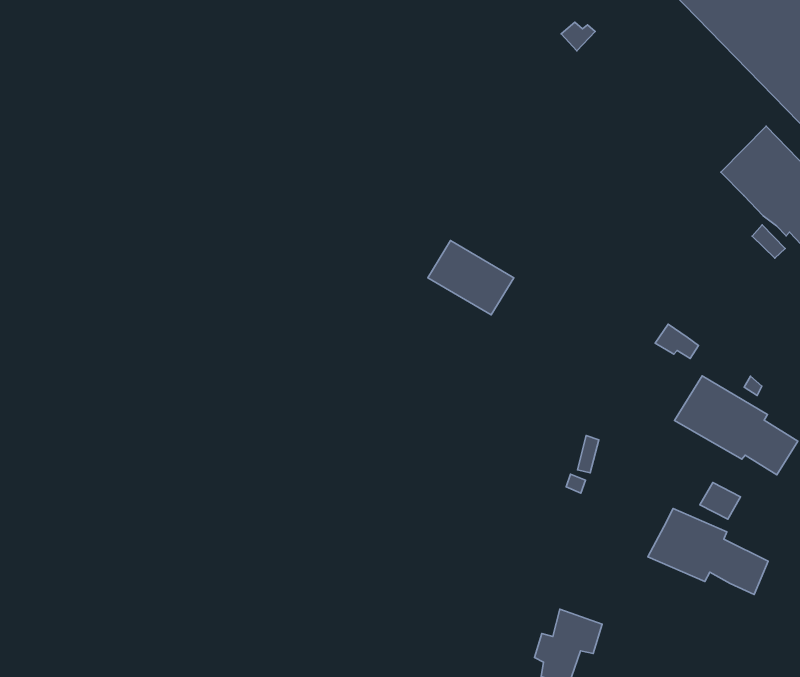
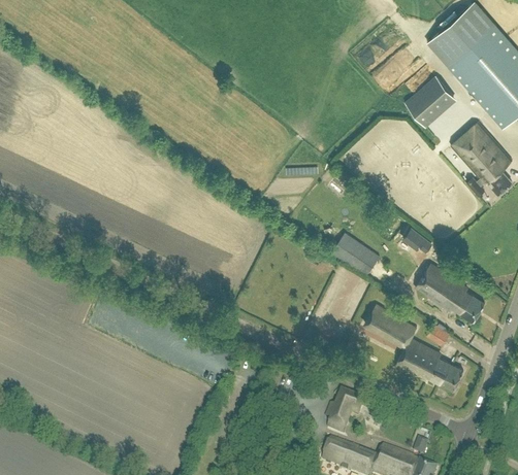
building: none -> [403,75,456,127]
building: [428,241,514,315] -> [330,232,380,276]
building: none -> [363,303,415,347]

